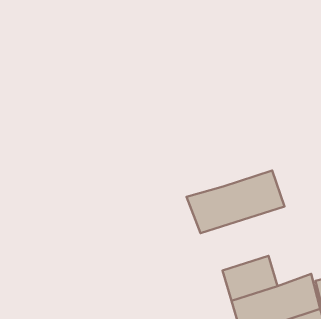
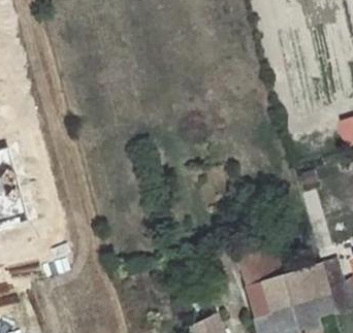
building: [186,170,285,233] -> none

